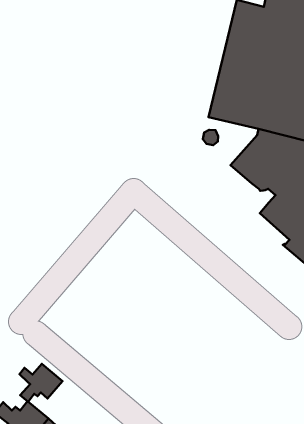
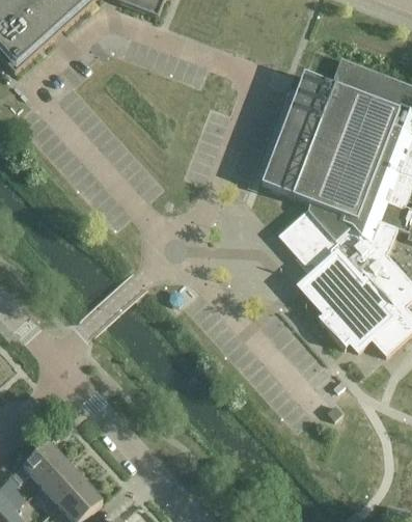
building: [19,364,62,402] -> none

